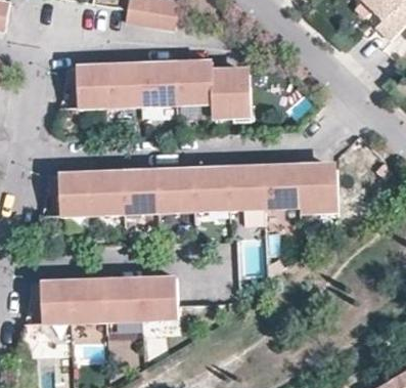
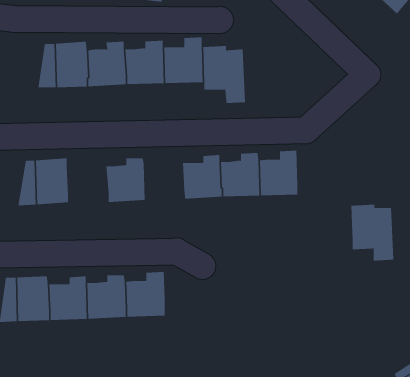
building: [298,164,337,216] -> [351,204,394,261]
building: [157,170,194,211] -> none
building: [87,173,124,213] -> none

